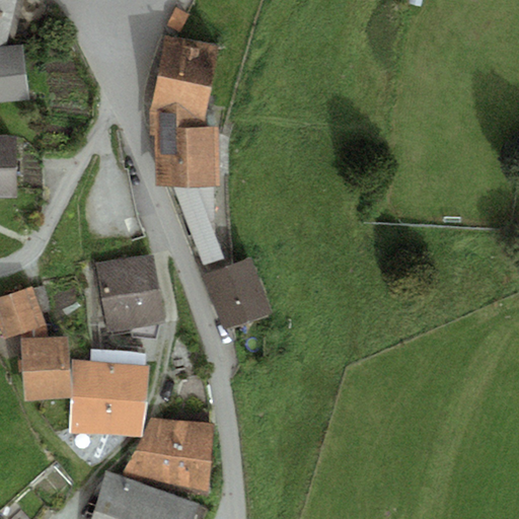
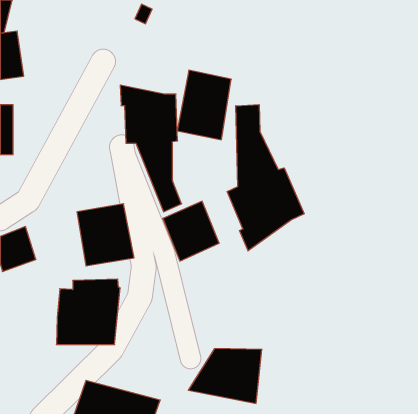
building: [149,35,216,122] -> [177,70,231,140]
building: none -> [227,105,304,251]
building: [20,335,71,400] -> none
building: [124,422,215,490] -> [188,349,262,403]

